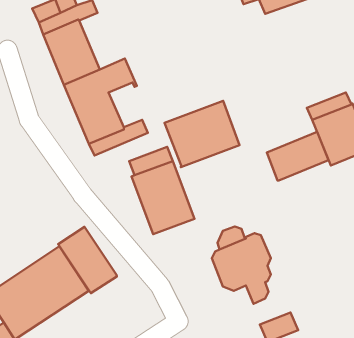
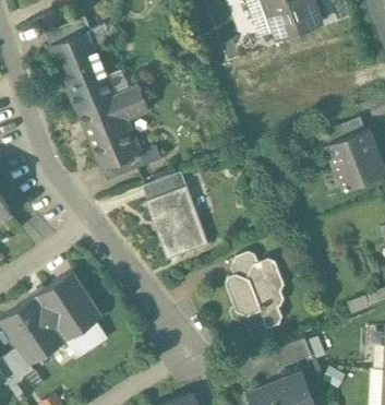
building: [164,101,240,167] -> none
building: [267,132,328,180] -> none
building: [58,227,117,293] -> none

